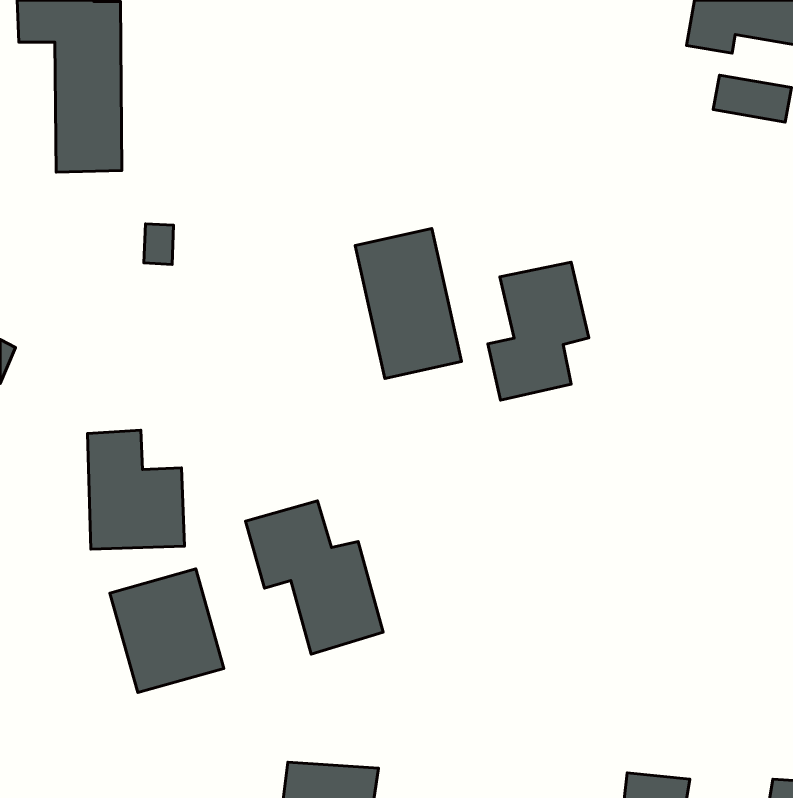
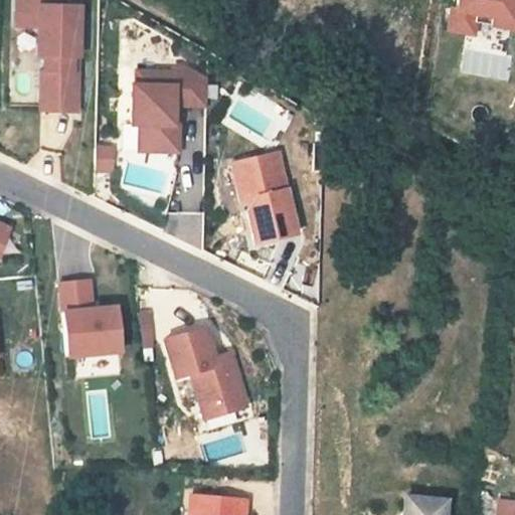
building: none -> [131,67,210,153]
building: [488,262,589,400] -> none
building: [110,569,224,693] -> none

